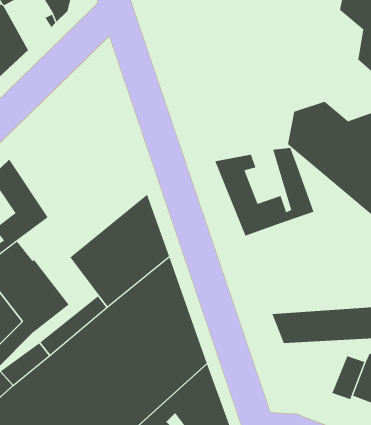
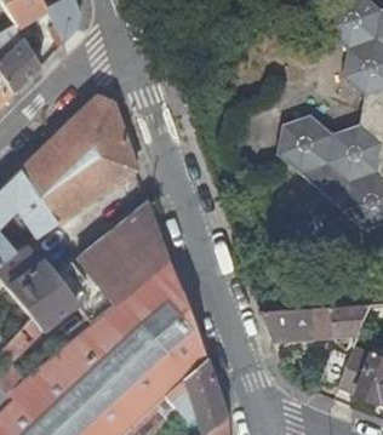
building: none -> [21,96,137,223]
building: [215,147,314,237] -> none

